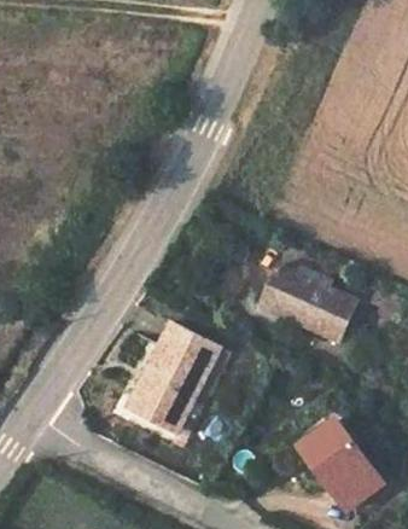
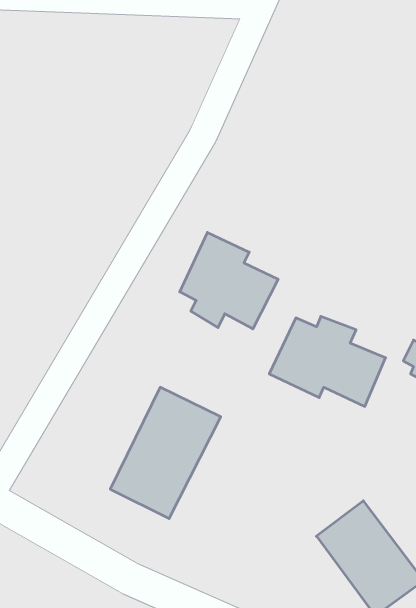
building: none -> [180,232,278,329]

